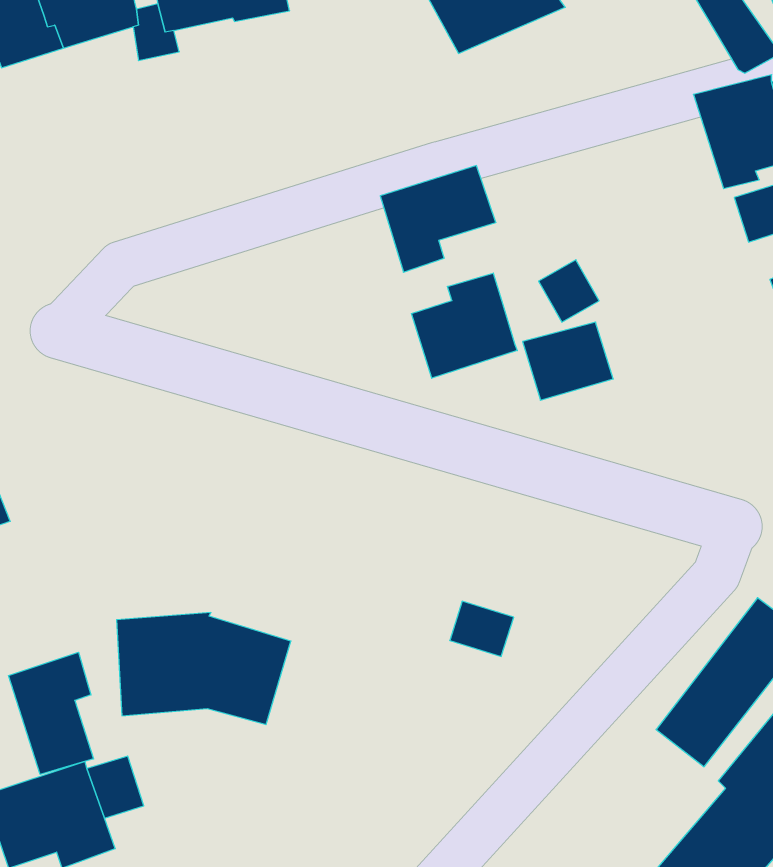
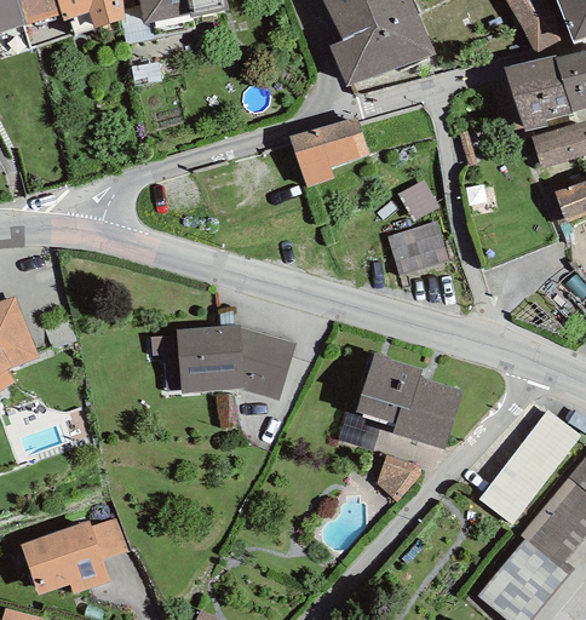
building: none -> [329,7,436,86]
building: [411,273,517,378] -> none
building: none -> [356,352,463,449]
building: [117,613,291,725] -> [177,323,295,400]
building: [8,652,94,774] -> none
building: none -> [377,454,421,500]

